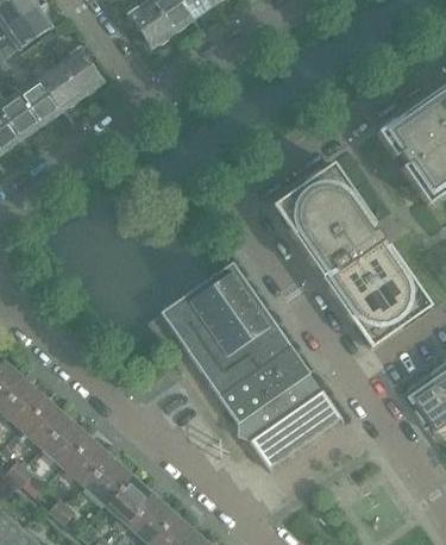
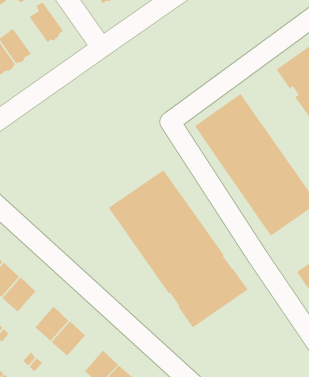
building: [37,64,81,112] -> none
building: [43,419,89,466] -> none
building: [107,476,153,524] -> none

